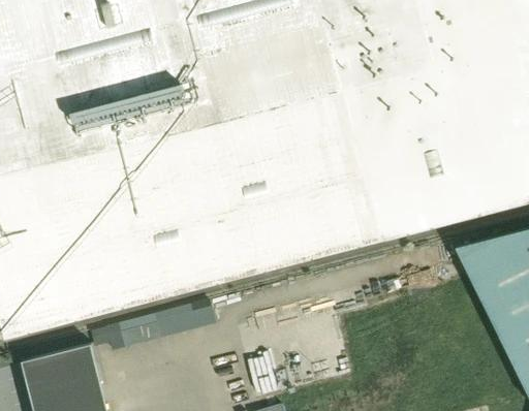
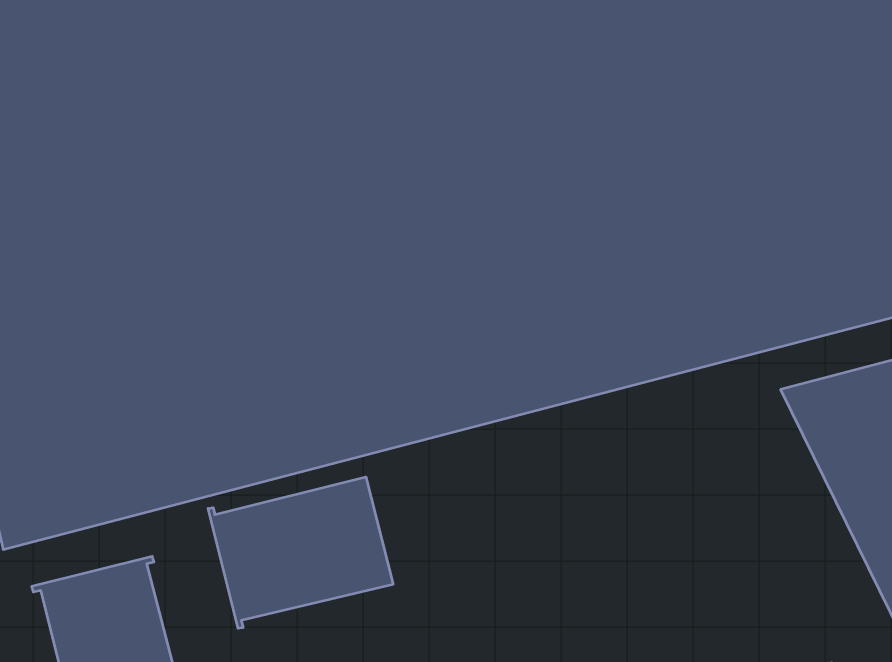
building: none -> [208,477,393,628]

